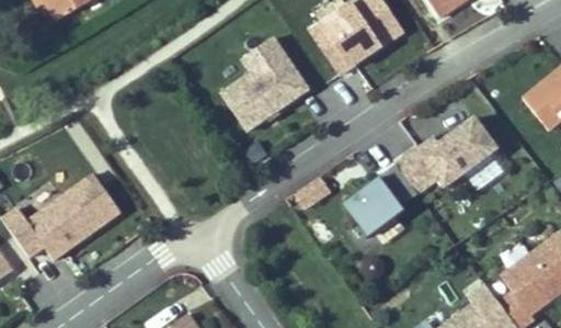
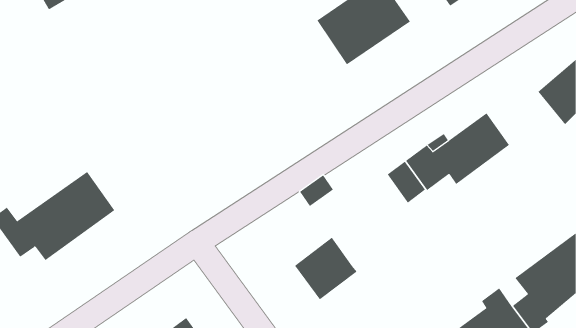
building: [220,36,307,129] -> none
building: [343,177,403,237] -> [294,237,357,300]

